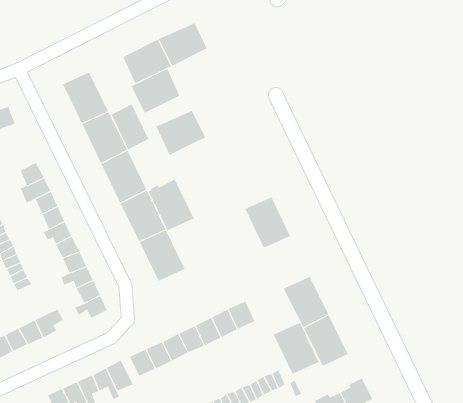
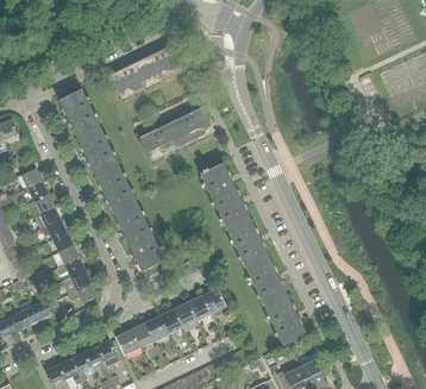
building: [131,68,180,114] -> [170,107,213,146]
building: [111,103,149,150] -> none
building: [148,179,194,231] -> [199,163,239,208]
building: [273,322,319,374] -> [232,232,272,277]

